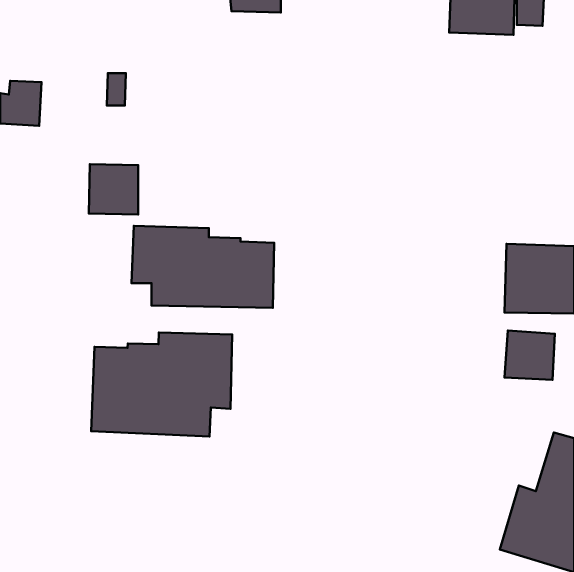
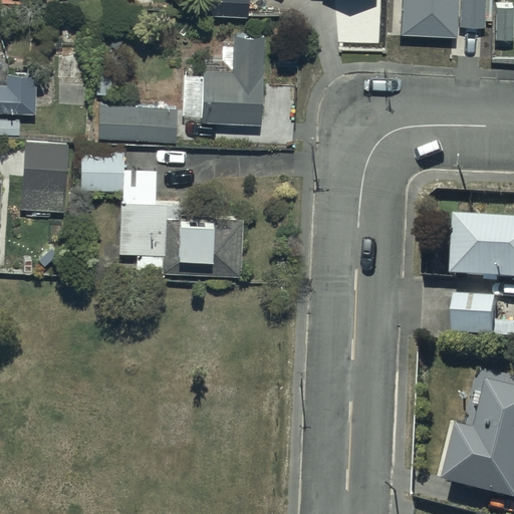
building: none -> [202,33,266,121]
building: none -> [96,103,178,143]
building: none -> [19,141,76,212]
building: [91,332,232,436] -> none

